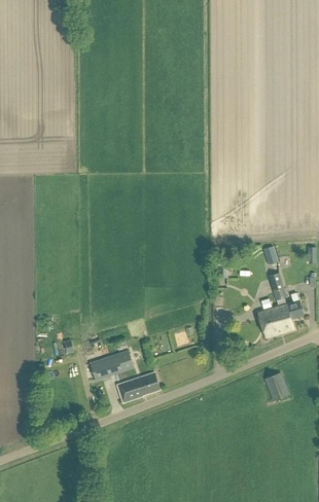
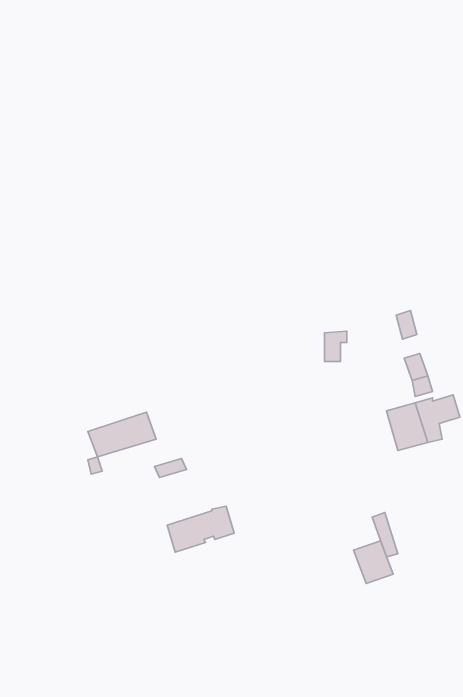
building: [90,351,134,380] -> [88,412,156,457]
building: [263,373,289,401] -> [353,541,393,584]

